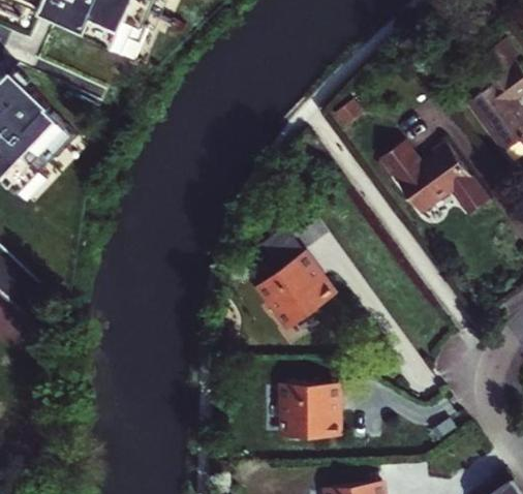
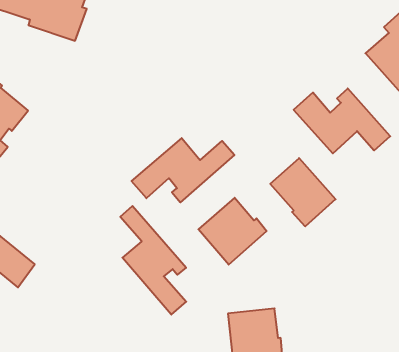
building: none -> [132,138,234,202]
building: none -> [270,158,336,226]
building: none -> [120,206,186,315]

